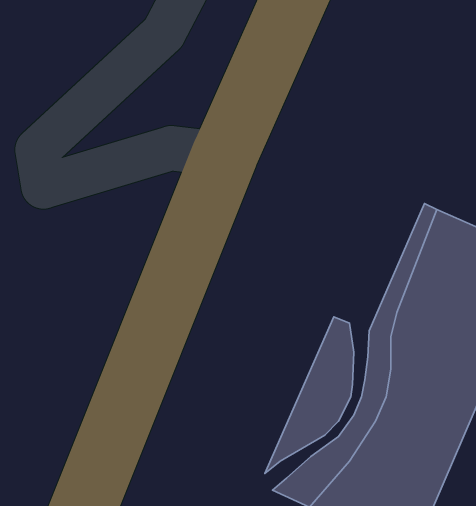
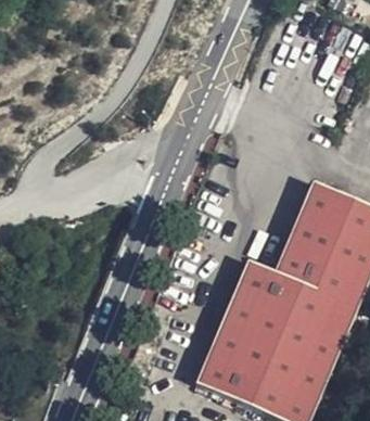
building: none -> [193,270,271,388]

